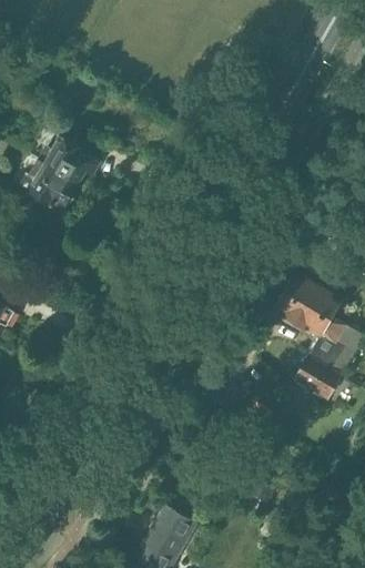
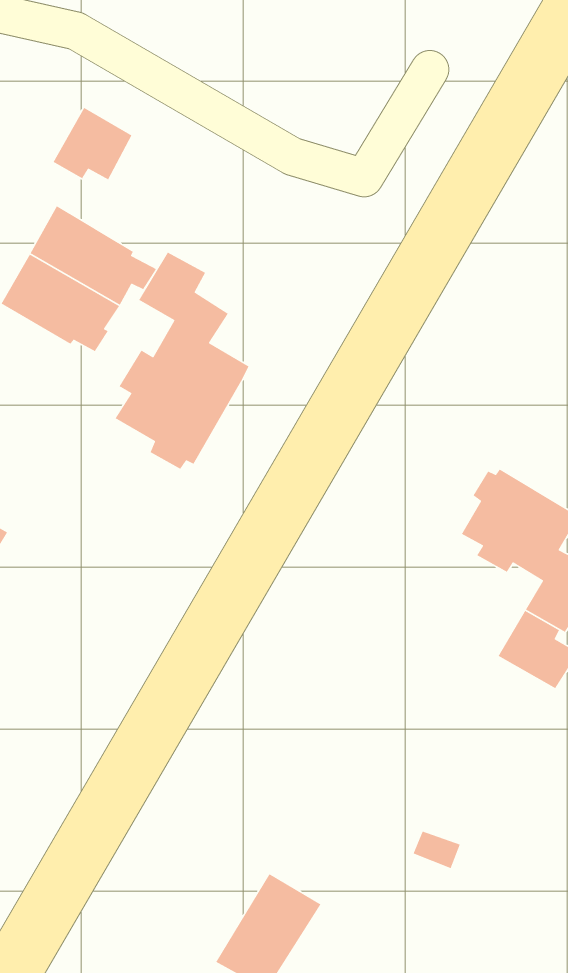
building: none -> [53,107,132,182]
building: none -> [115,251,250,470]

